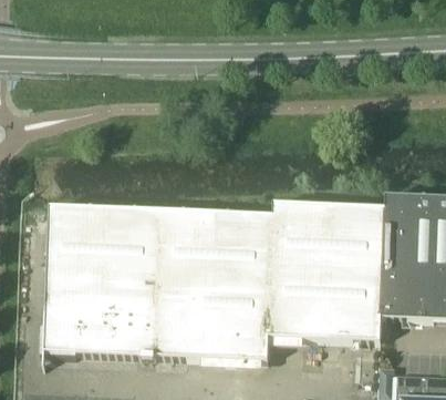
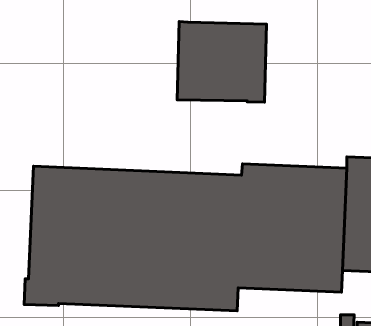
building: none -> [177,22,267,102]

